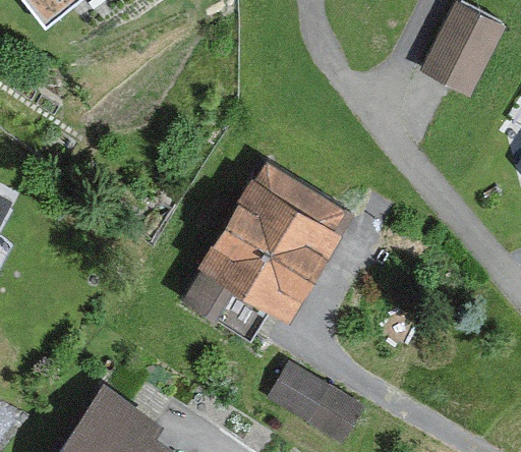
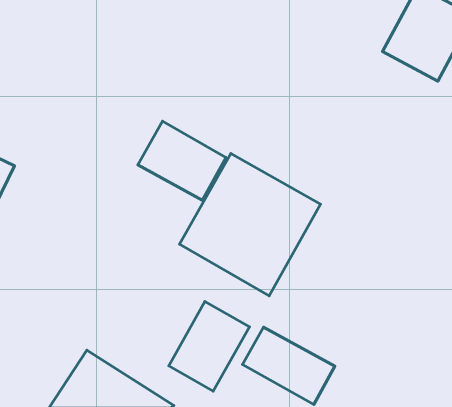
building: none -> [138,121,226,200]
building: none -> [169,302,249,391]

